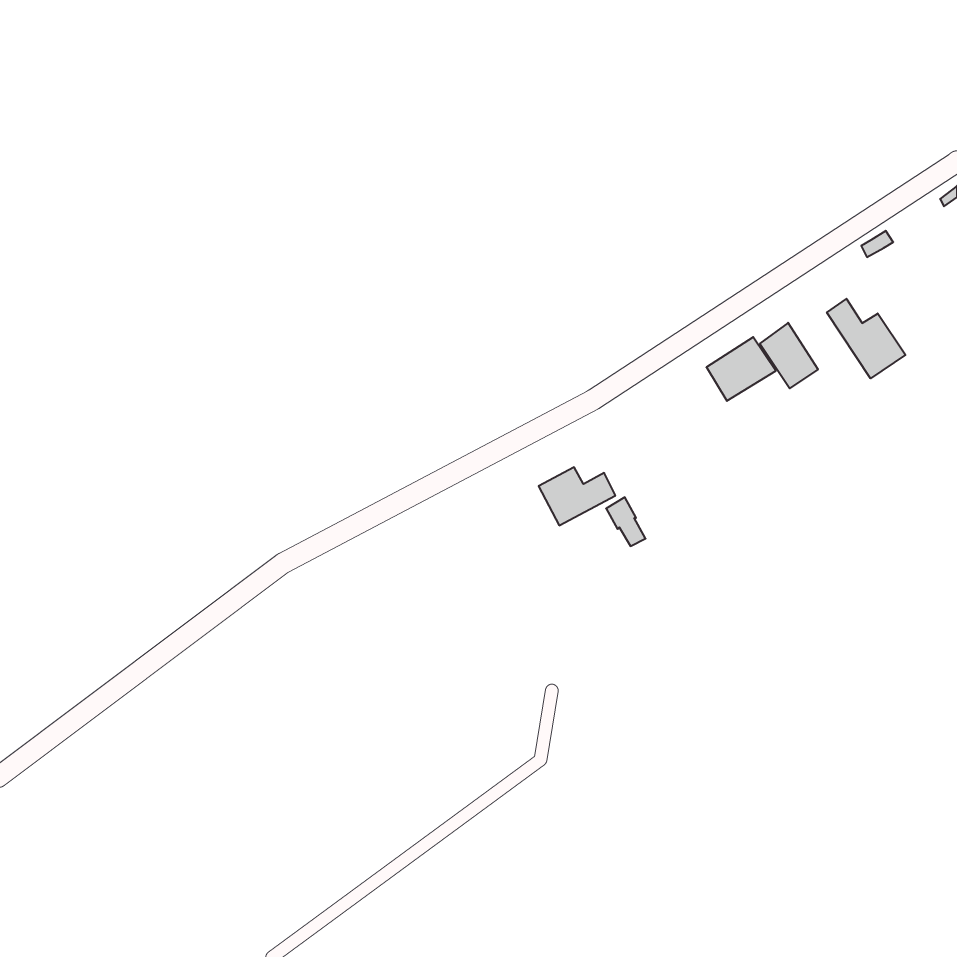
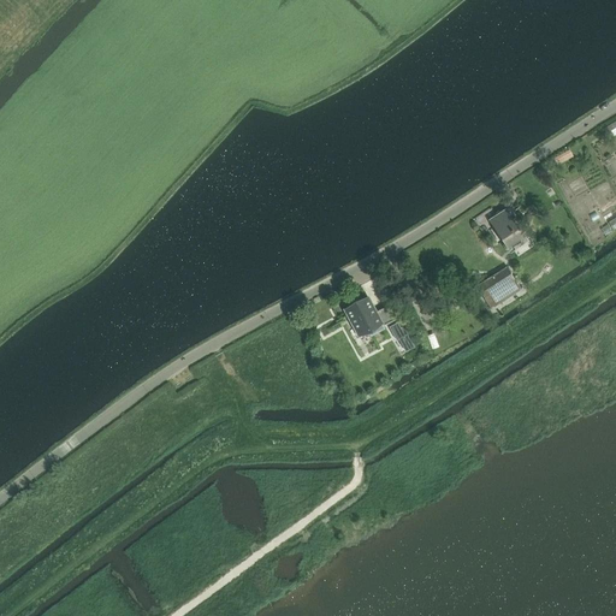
building: [827,299,905,378] -> none
building: [706,337,776,401] -> [475,266,520,307]

